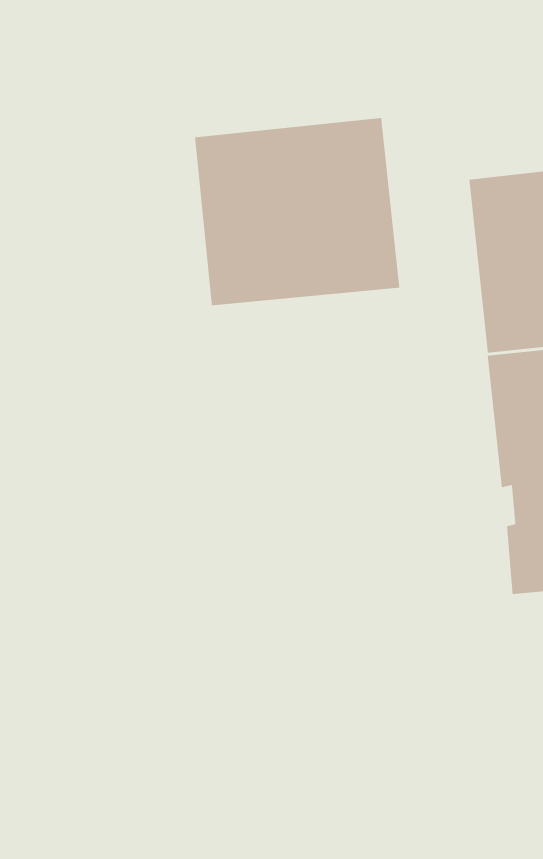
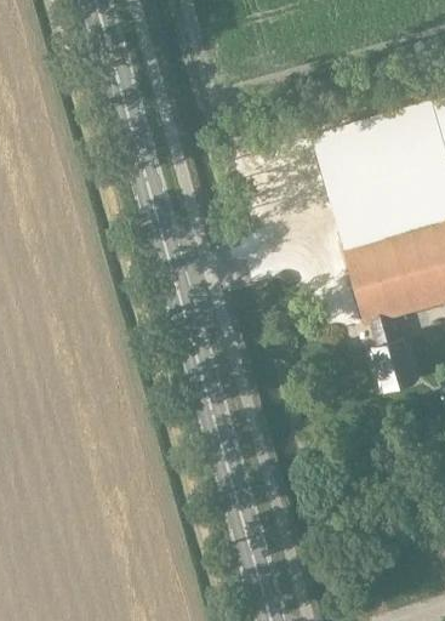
building: [194,117,400,306] -> none

